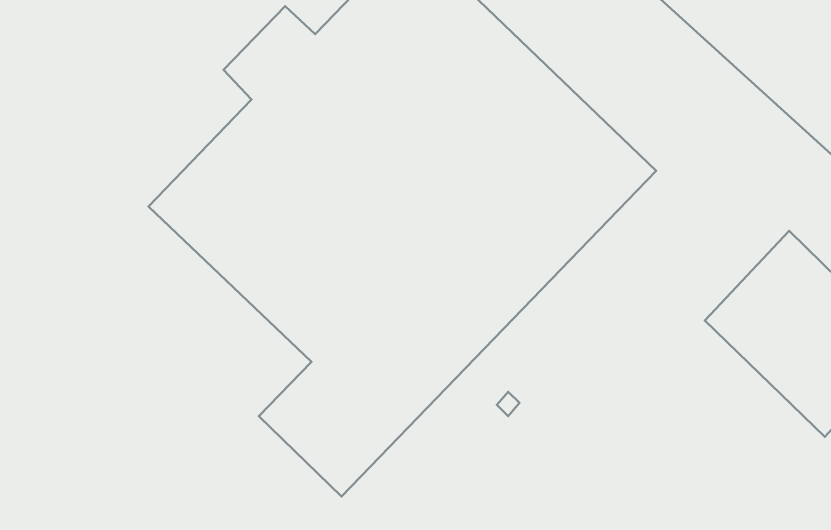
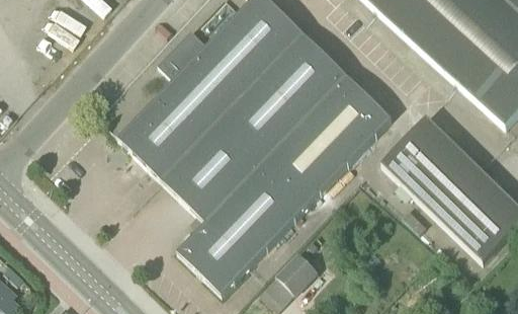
building: none -> [381,115,463,200]
building: none -> [266,253,319,306]

